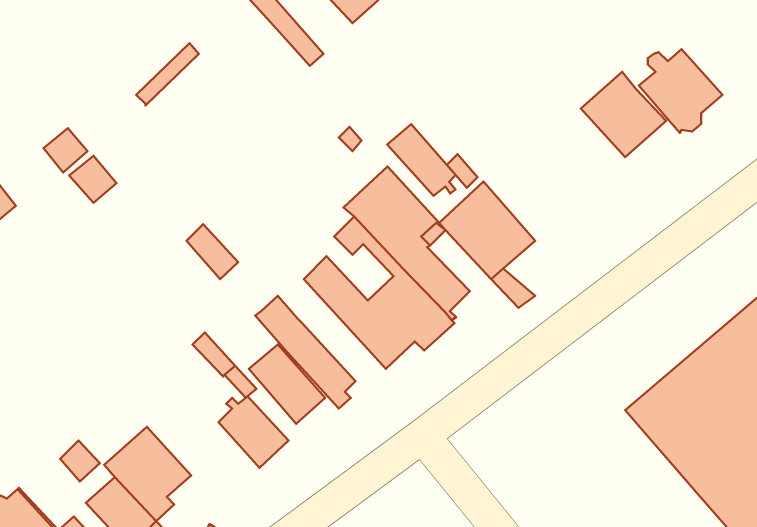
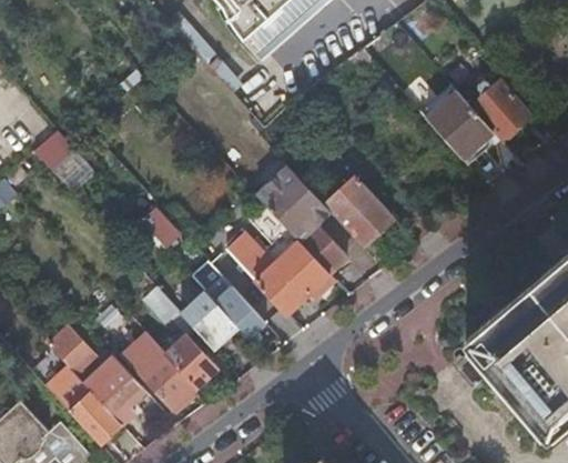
building: [387,124,456,196] -> none
building: none -> [50,324,100,375]
building: none -> [121,331,195,409]

